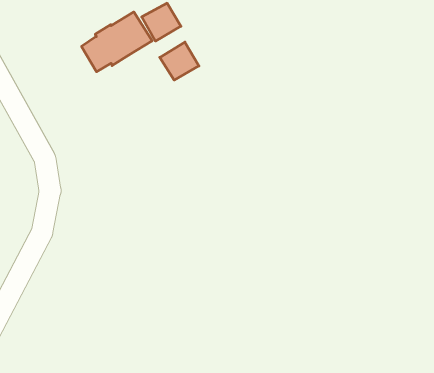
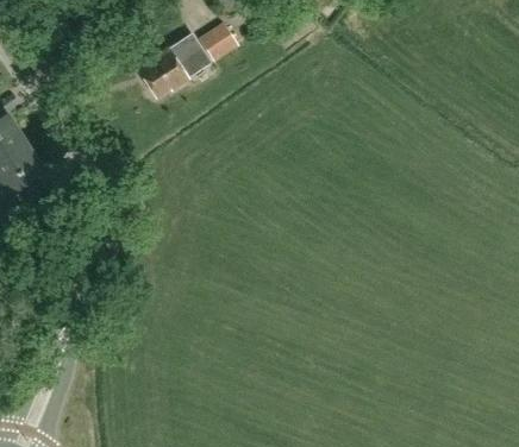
building: [160,42,199,80] -> none

